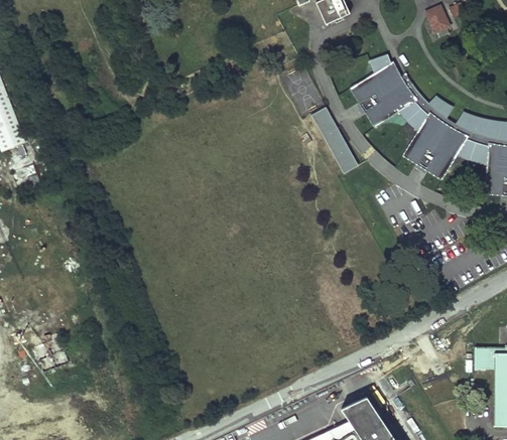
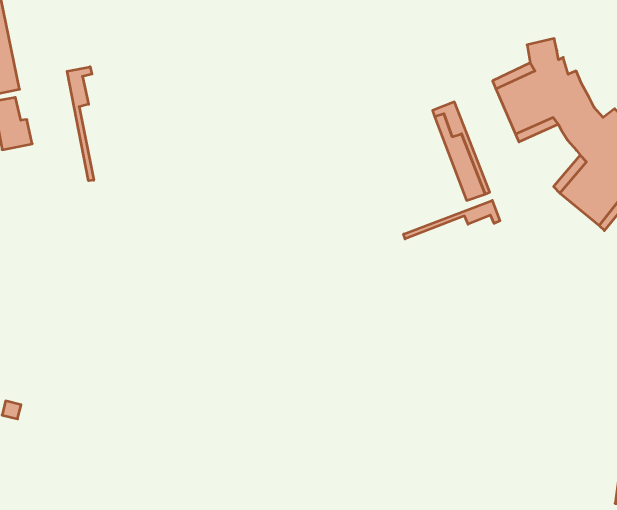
building: none -> [67,67,94,181]
building: none -> [404,200,500,239]

